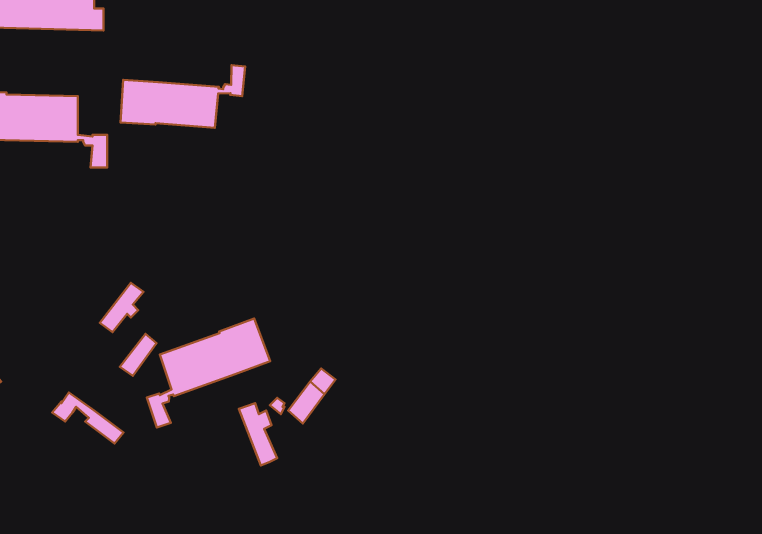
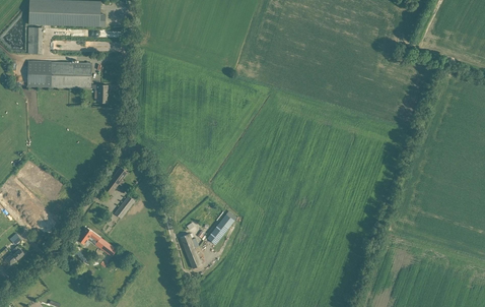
building: [120,65,245,128] -> none
building: [147,318,270,427] -> none

